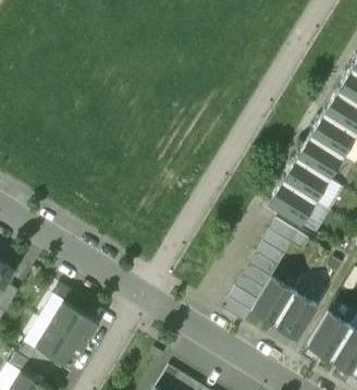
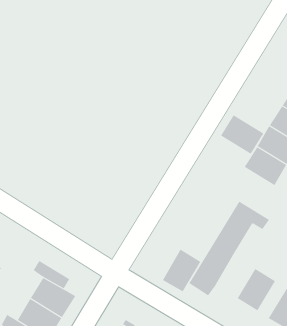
building: [268,182,316,226] -> [220,114,264,155]
building: [251,278,294,325] -> [162,249,201,292]

